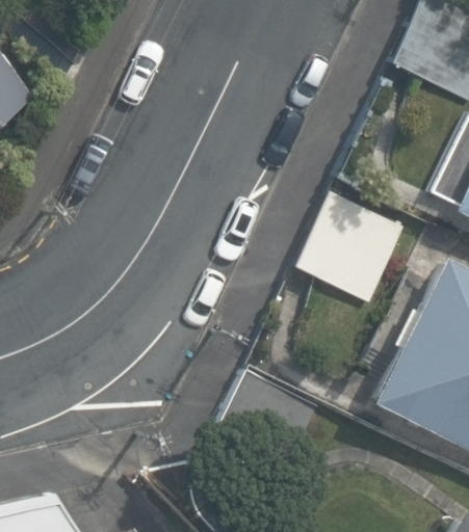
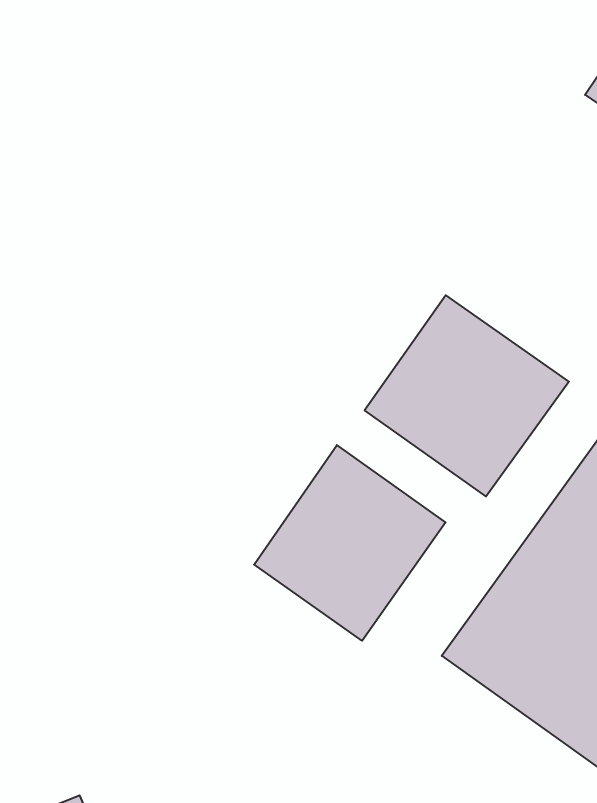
building: none -> [254,445,446,641]

